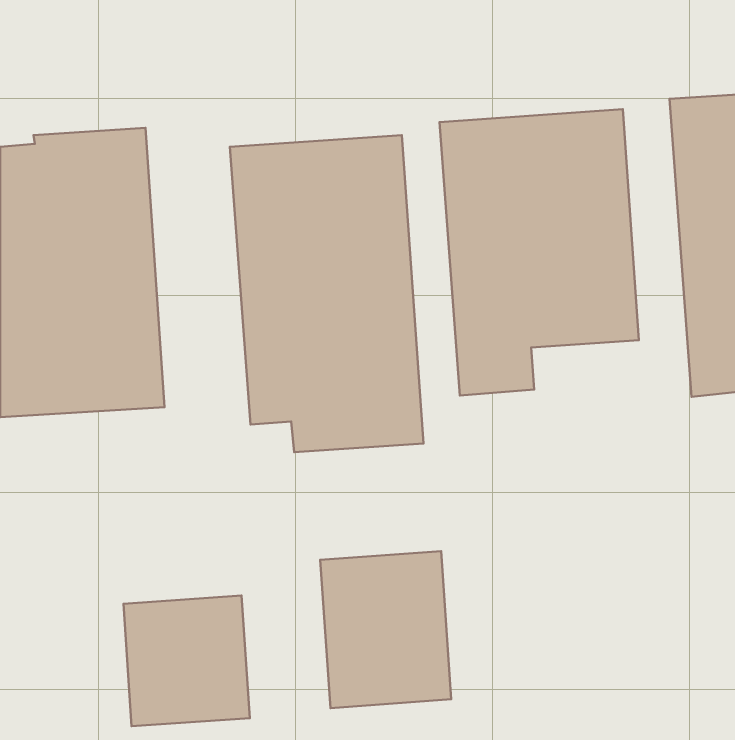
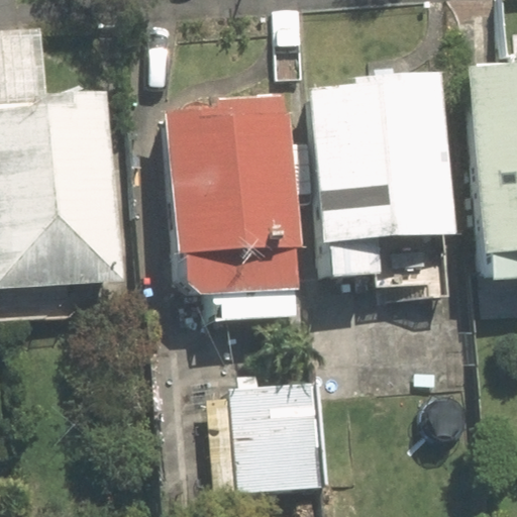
building: [123,596,250,726] -> none

